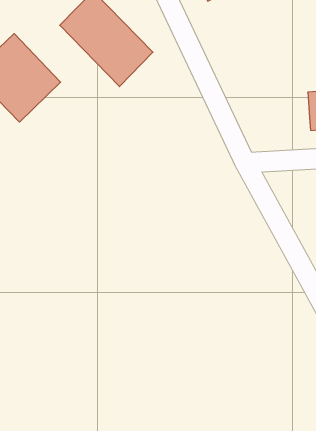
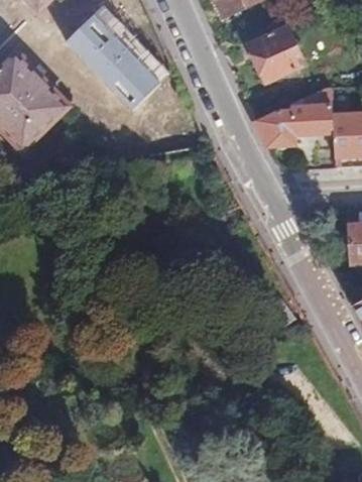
building: none -> [248,25,307,83]
building: none -> [256,87,336,146]

